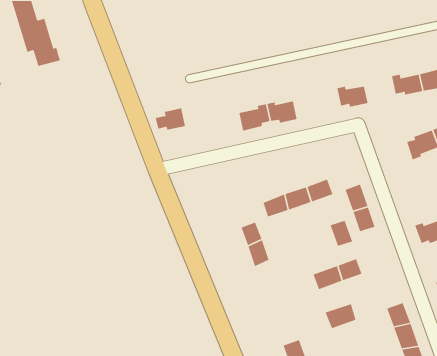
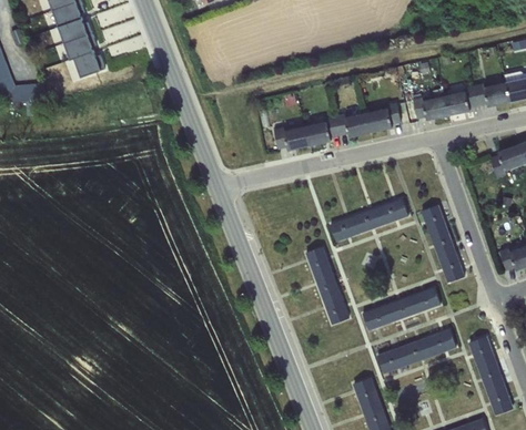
building: none -> [443,84,477,115]
building: none -> [364,102,399,133]
building: [155,108,186,131] -> [273,125,307,151]
building: [329,220,353,247] -> [437,253,464,283]
building: none -> [321,289,348,325]
building: none -> [361,305,392,330]
building: none -> [428,329,456,356]
building: none -> [376,347,406,373]

